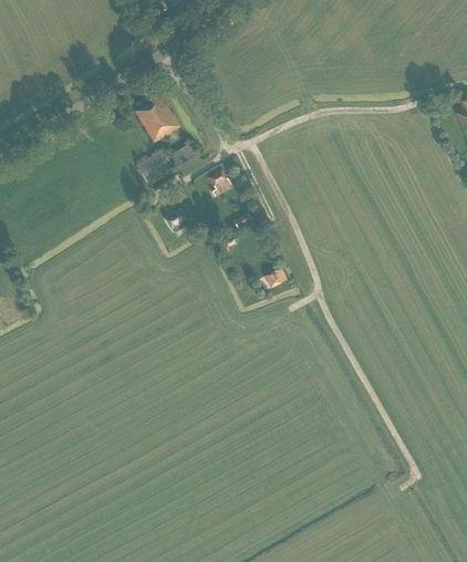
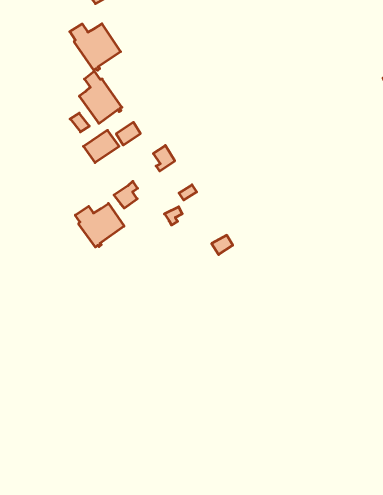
building: none -> [70,24,121,70]
building: none -> [75,203,124,247]

